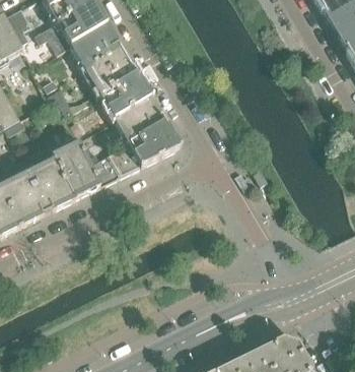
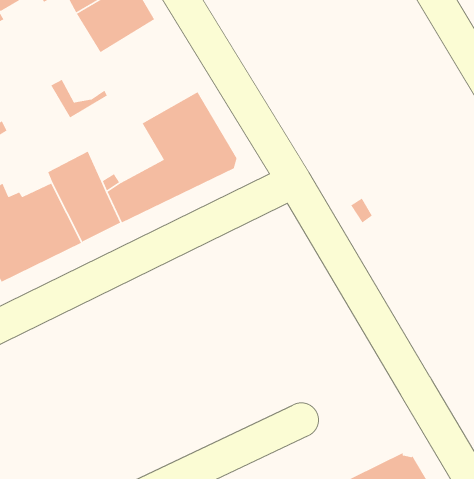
building: [85,48,150,117] -> none

